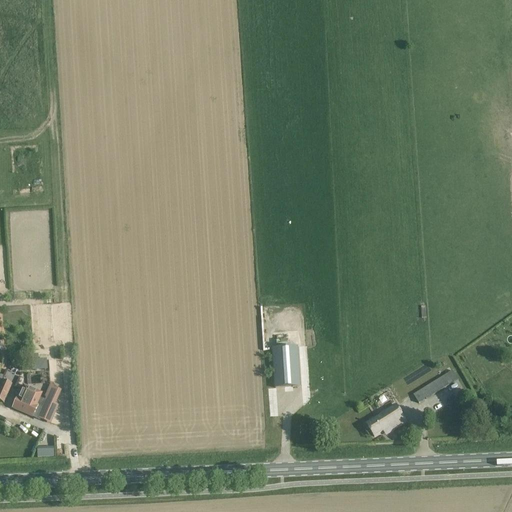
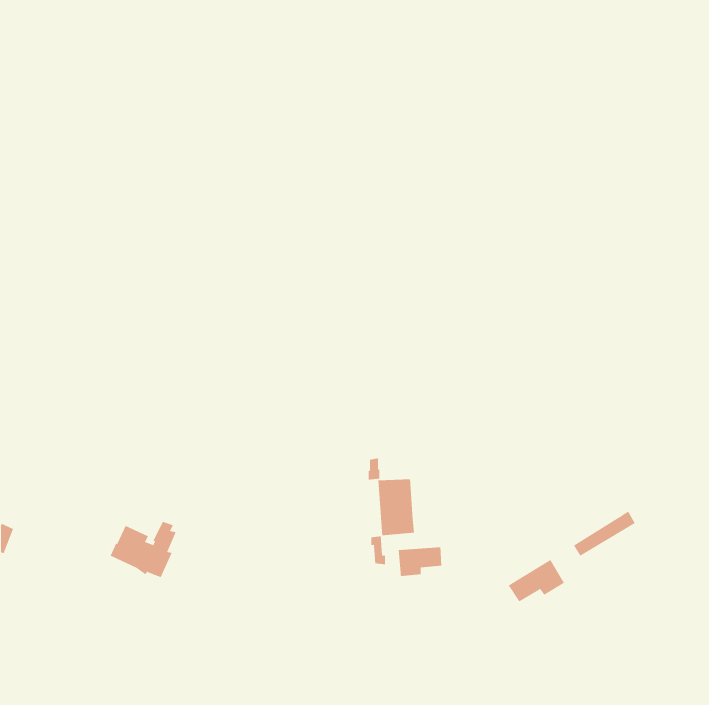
building: [13,380,61,421] -> [110,521,177,578]
building: none -> [398,546,442,577]

